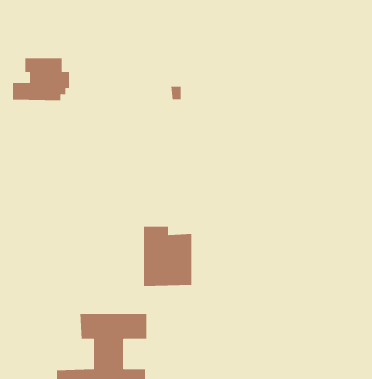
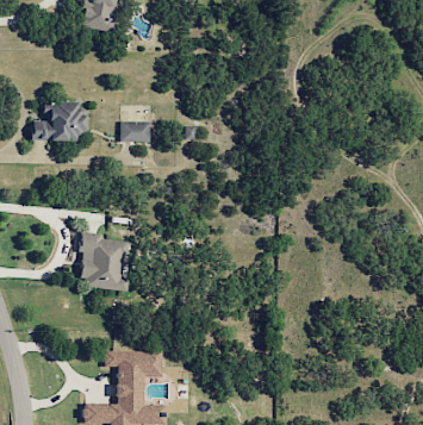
building: none -> [122,120,151,143]
building: [143,226,192,286] -> [80,232,127,290]

